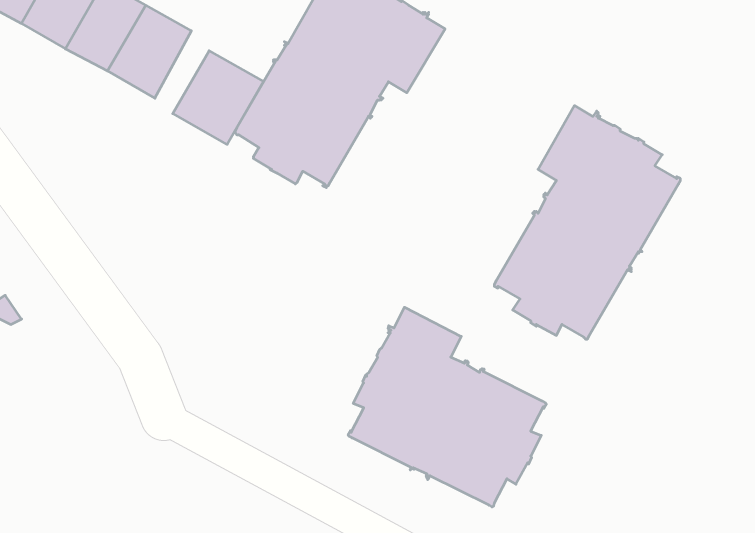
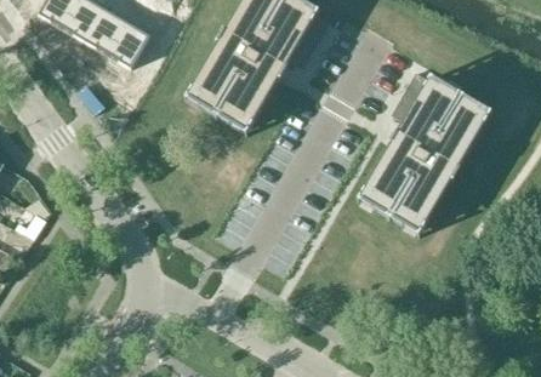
building: [173,51,264,144] -> none
building: [348,307,546,507] -> none

